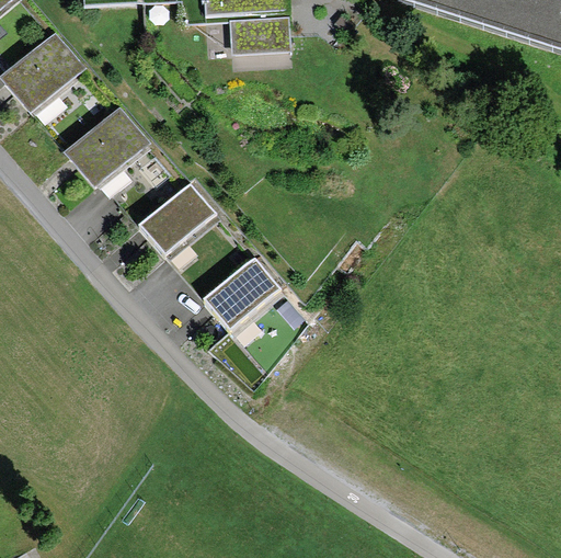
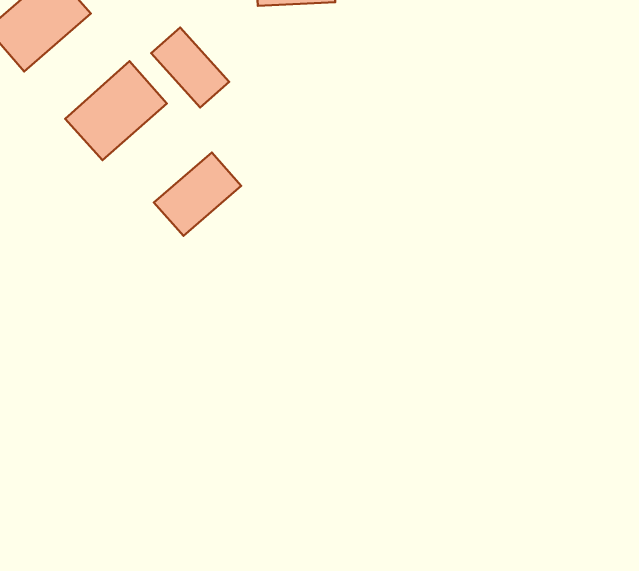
building: none -> [151,28,229,108]
building: [205,254,280,329] -> none

